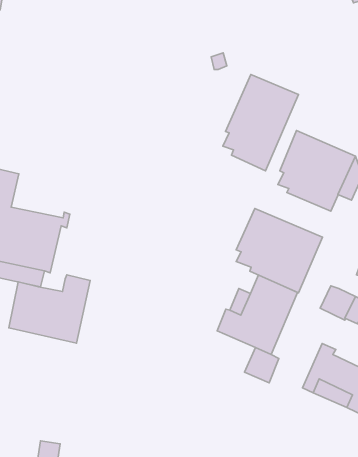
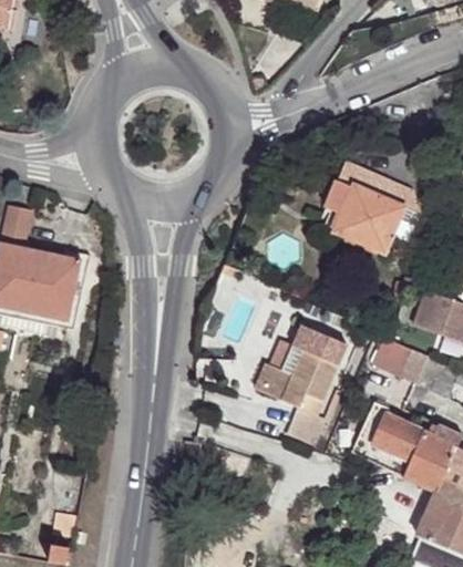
building: [223,75,299,171] -> none
building: [236,208,323,293] -> none
building: [9,275,90,343] -> none

